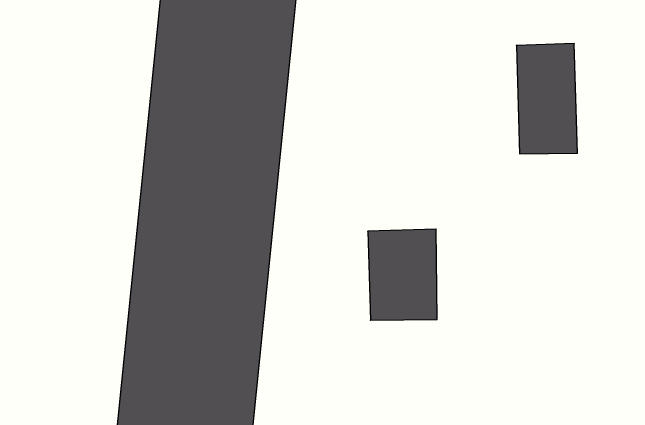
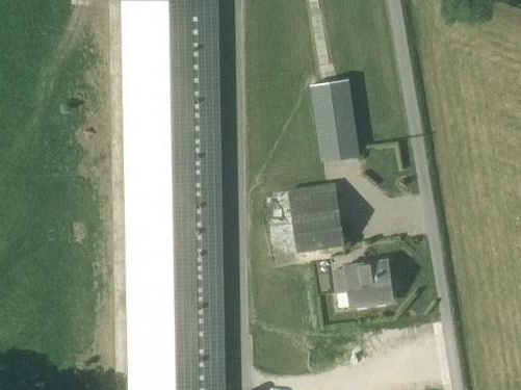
building: [516,44,577,154] -> [309,79,361,161]
building: none -> [333,260,391,306]

